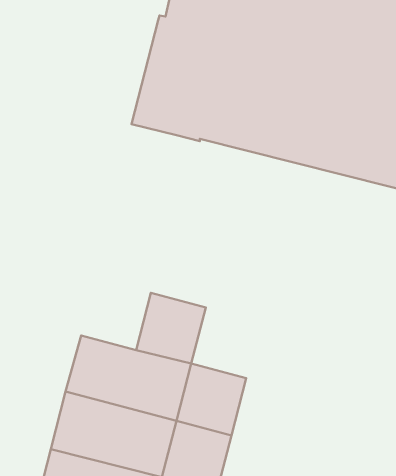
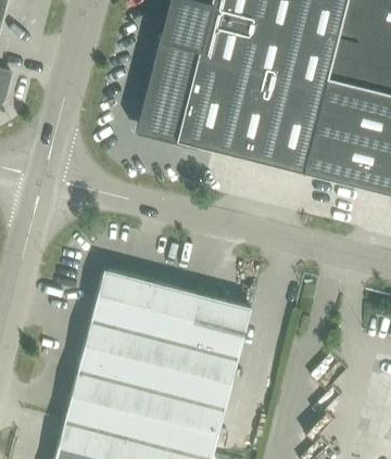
building: none -> [91,268,153,332]
building: none -> [189,294,251,357]

